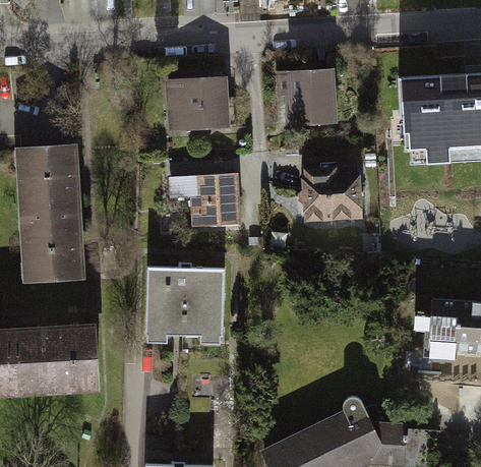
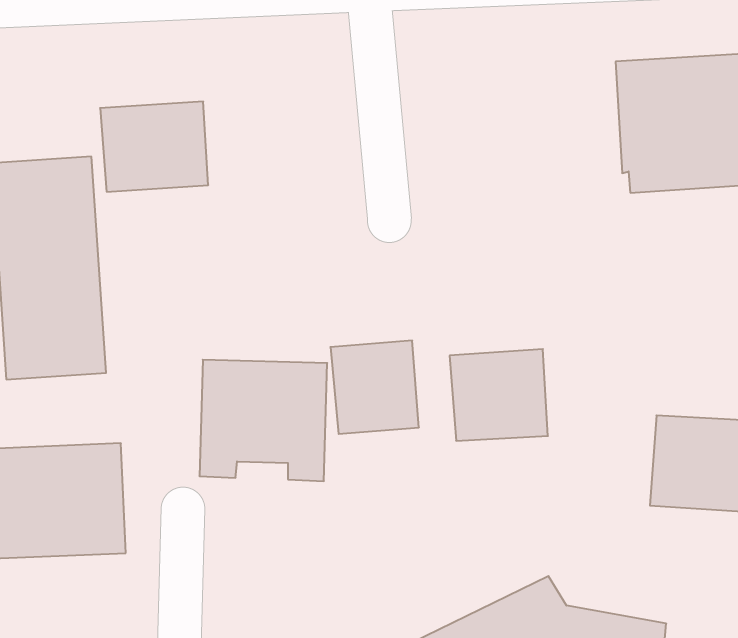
building: [276,70,337,126] -> none
building: [162,75,229,131] -> [100,102,208,192]
building: [300,164,361,221] -> [450,349,548,441]
building: [186,172,241,230] -> [330,341,419,434]

